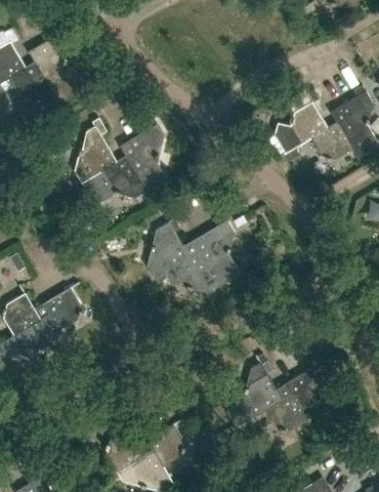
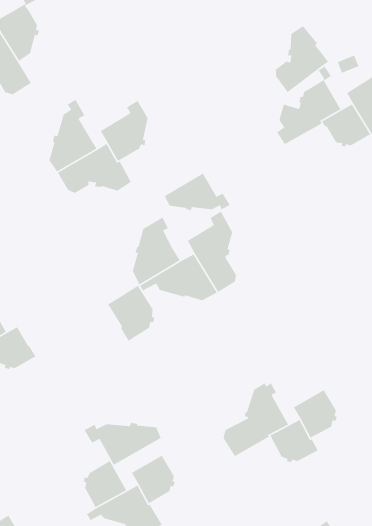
building: none -> [275,25,329,93]
building: none -> [164,172,231,211]
building: none -> [107,284,156,352]
building: [43,283,82,330] -> none
building: none -> [83,422,162,466]

